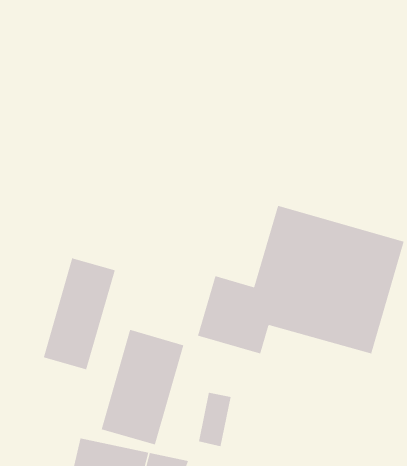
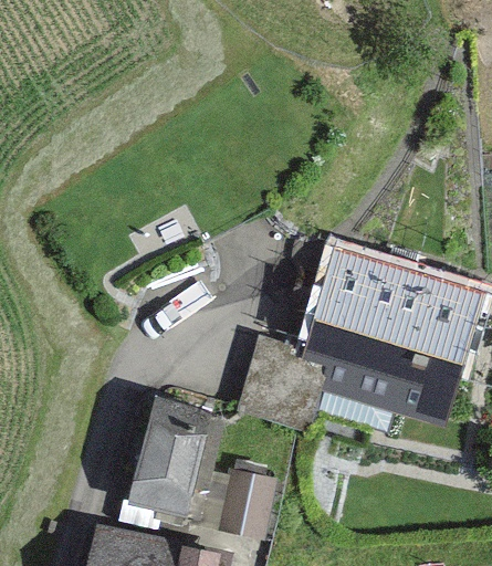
building: [43,257,115,370] -> none

